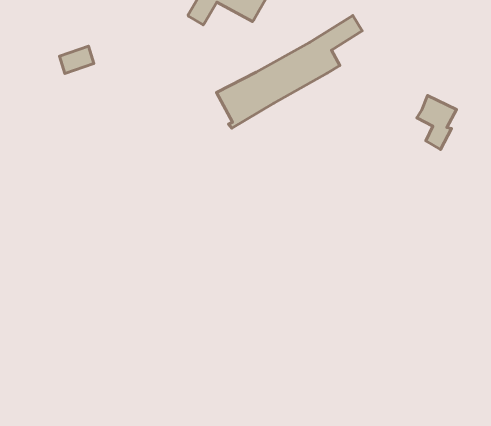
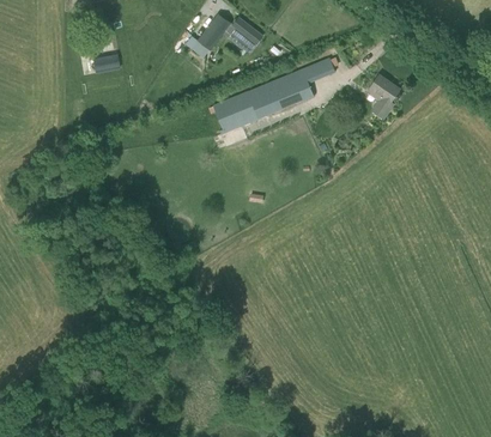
building: [417,95,456,149] -> [368,74,400,119]

